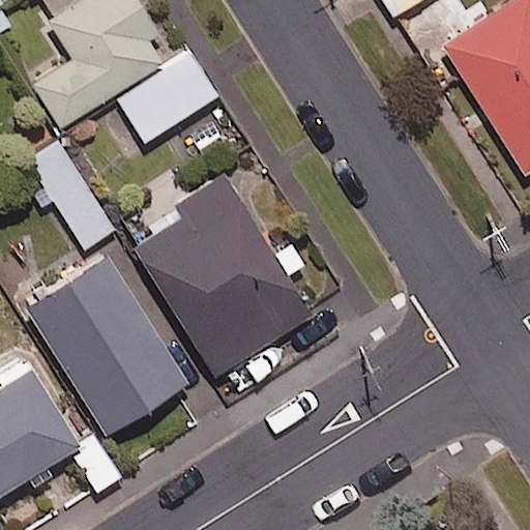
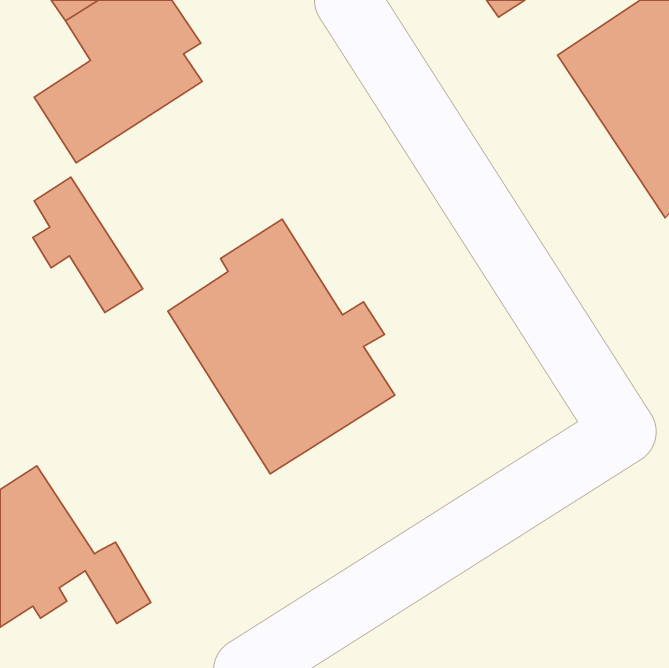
building: [114,52,217,144] -> none
building: [26,258,187,436] -> none

